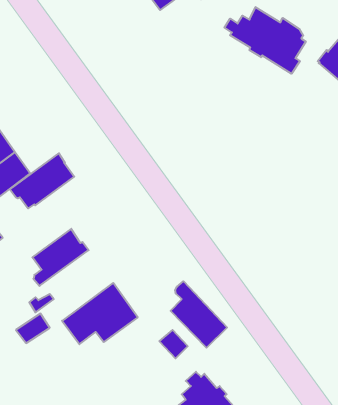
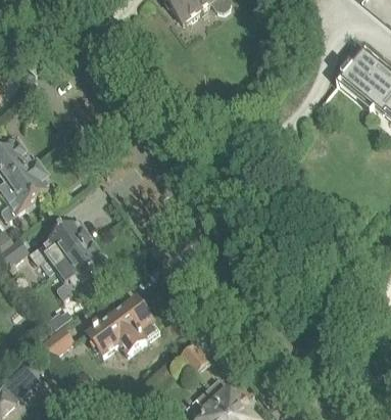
building: [224,7,306,74] -> none
building: [10,153,74,208] -> [29,218,93,273]
building: [171,281,227,348] -> none

